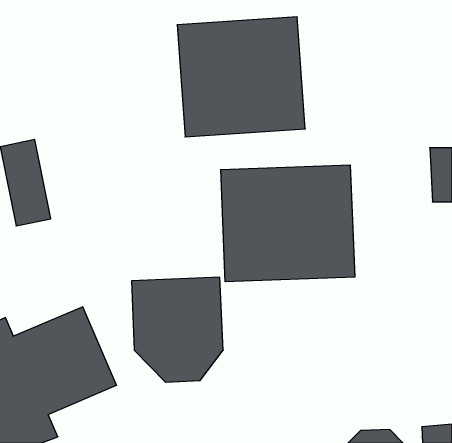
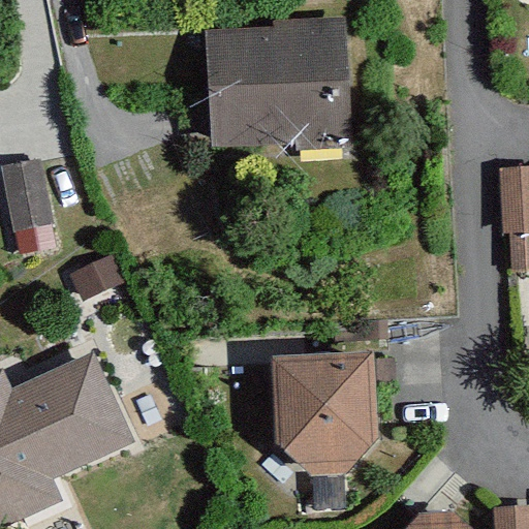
building: [221,165,355,282] -> none
building: [132,277,223,382] -> [269,343,375,465]

